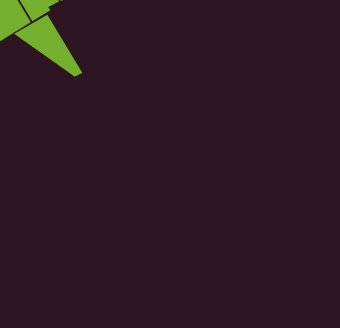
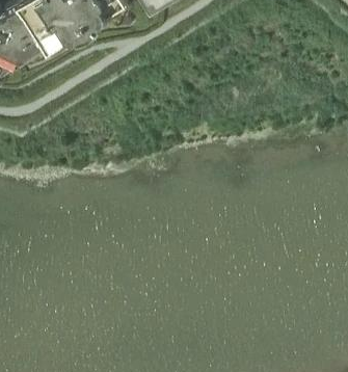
building: [13,14,83,77] -> none

